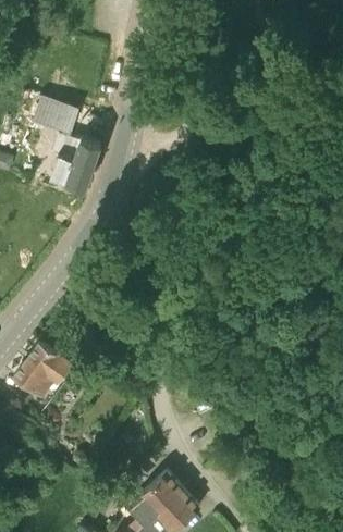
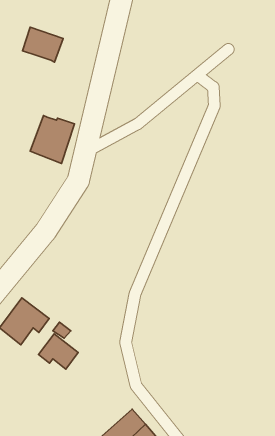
building: [33,96,79,136] -> [23,27,63,62]
building: none -> [38,334,78,369]

